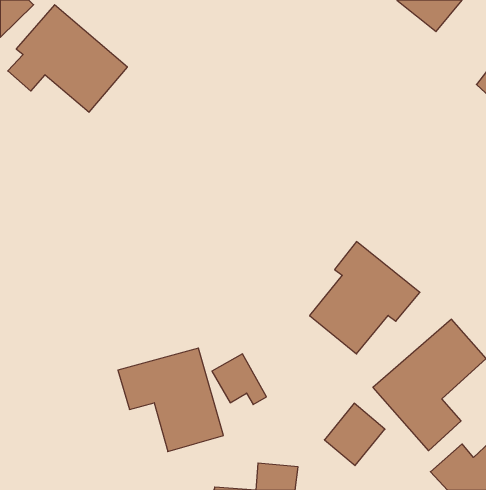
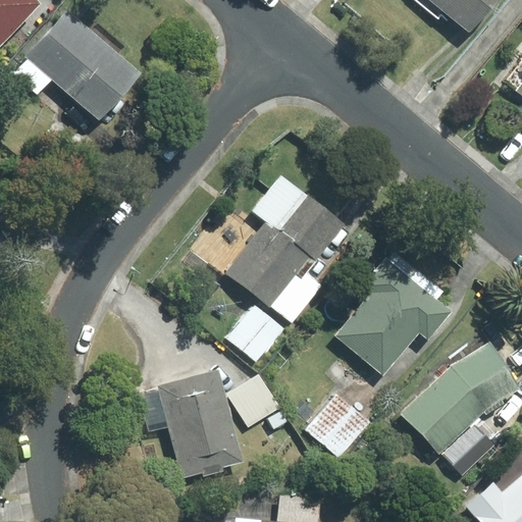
building: none -> [226,172,342,363]
building: [324,403,385,466] -> [307,393,371,459]

